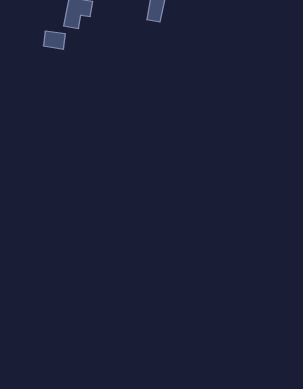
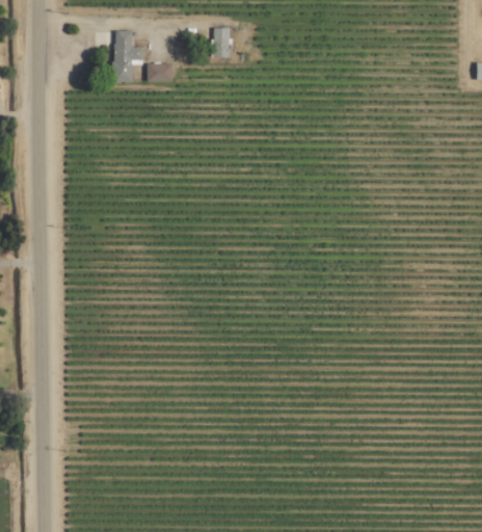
building: [43,31,65,49] -> [146,62,172,81]

